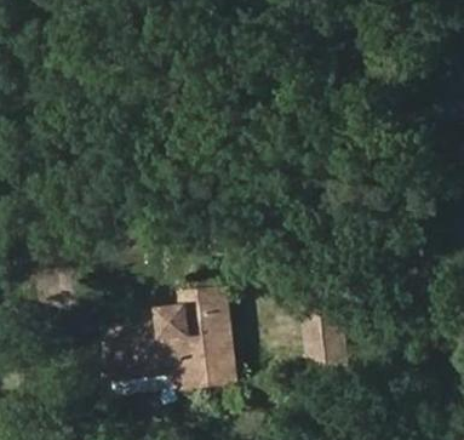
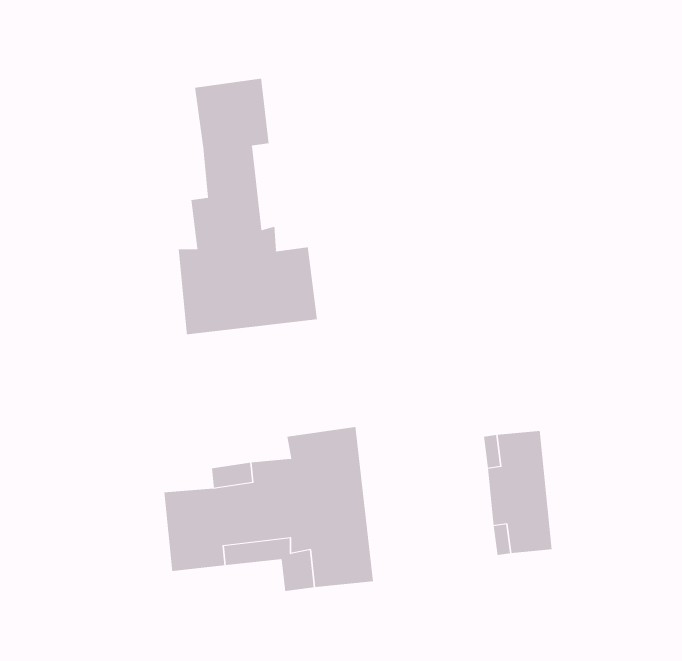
building: none -> [178,78,317,335]

